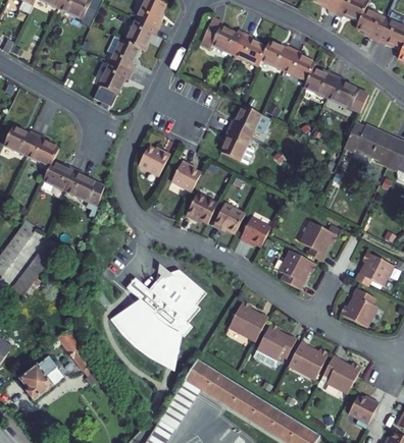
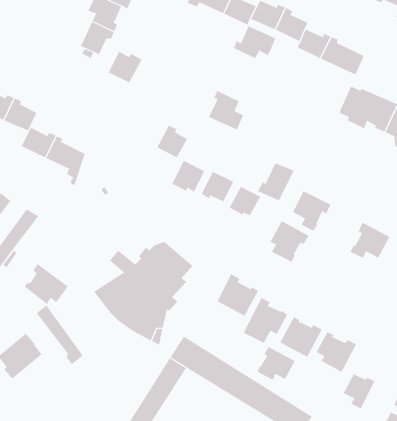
building: [229,105,269,136] -> [233,26,276,59]
building: [138,145,170,175] -> [108,51,142,83]
building: none -> [257,162,294,201]
building: [340,287,376,327] -> none
building: none -> [24,263,69,305]
building: none -> [257,346,296,381]

